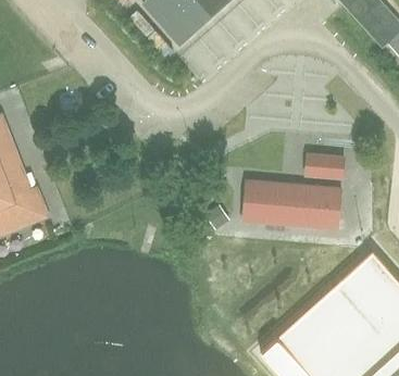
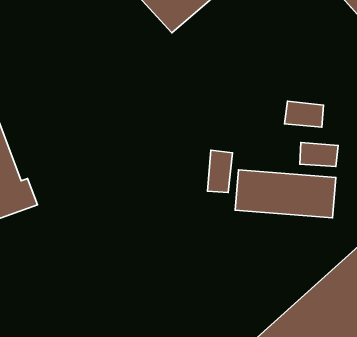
building: none -> [284,101,324,127]
building: none -> [208,150,232,193]

